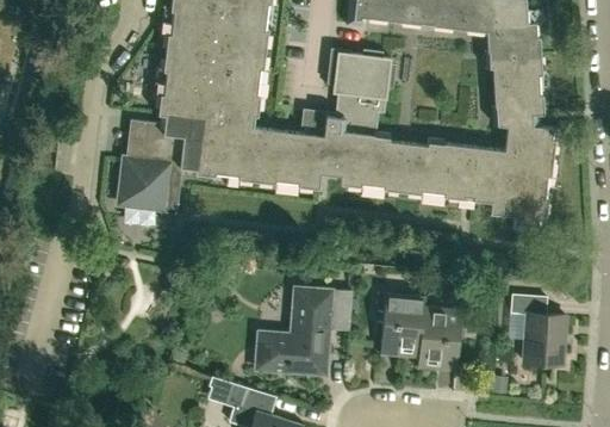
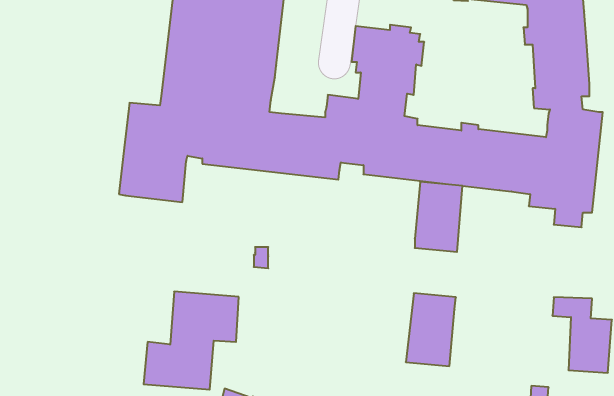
building: [267,286,353,375] -> [144,292,239,390]
building: [418,307,461,370] -> [415,182,462,252]

